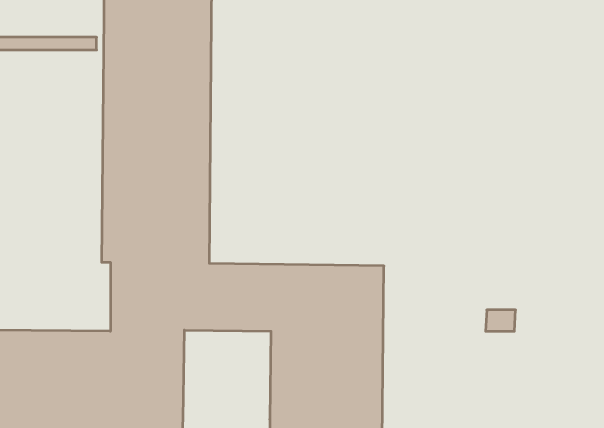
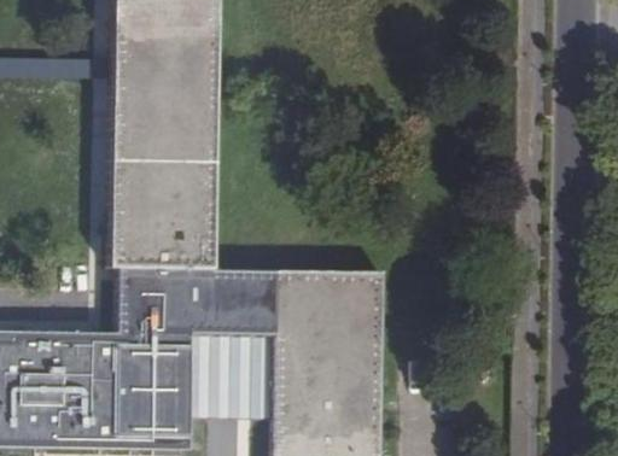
building: none -> [188,334,273,420]

